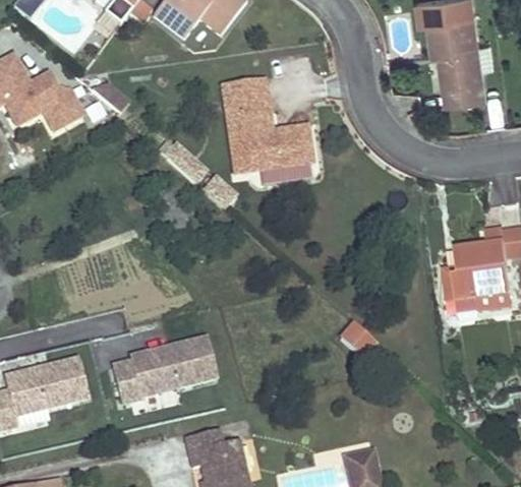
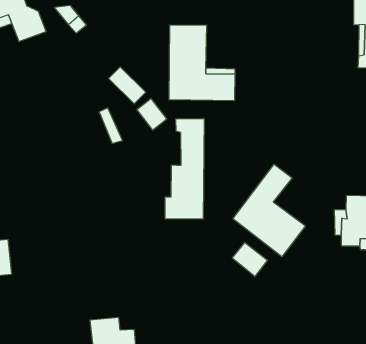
building: none -> [165,118,204,219]
building: none -> [233,164,305,257]
building: [110,338,215,402] -> none

